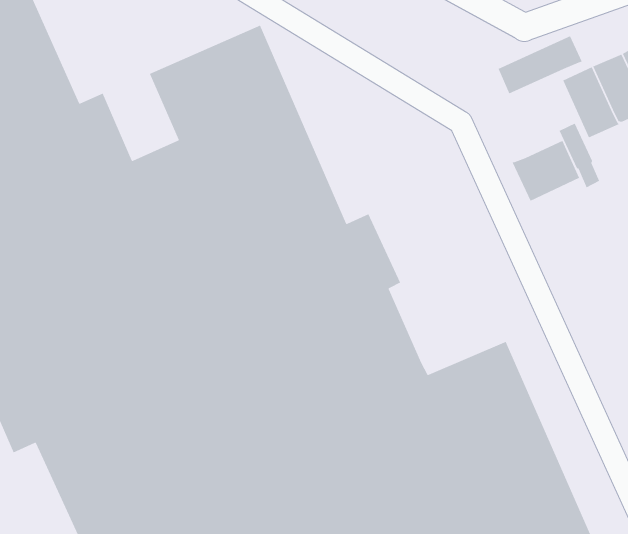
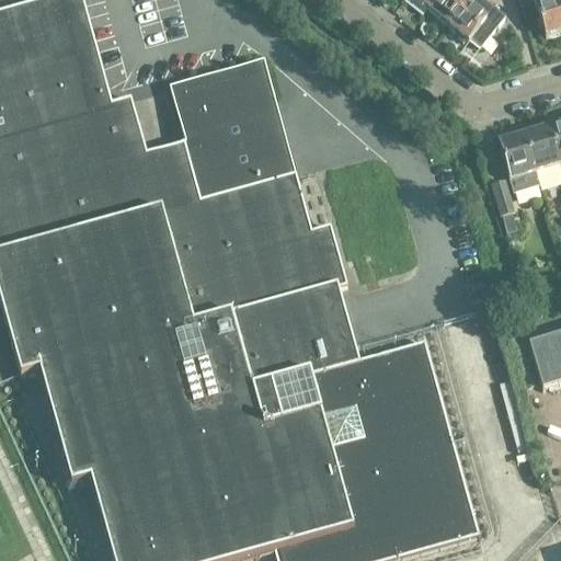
building: [497,35,583,95] -> none
building: [512,140,580,202] -> none

